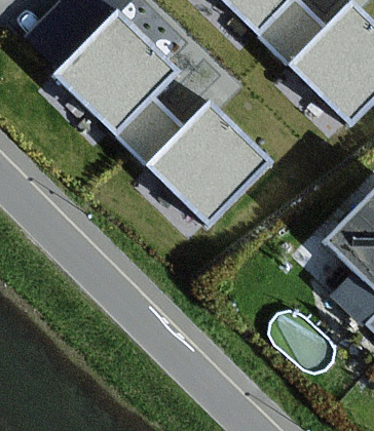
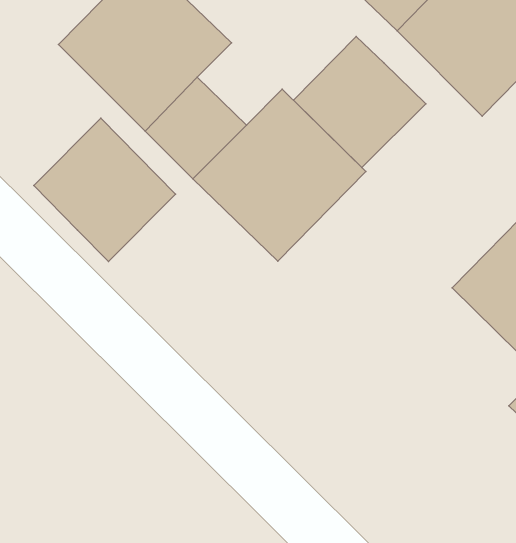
building: none -> [293,36,426,168]
building: none -> [34,118,176,261]

